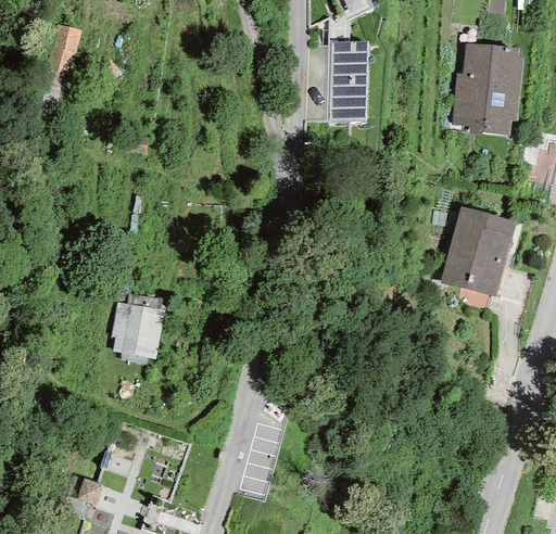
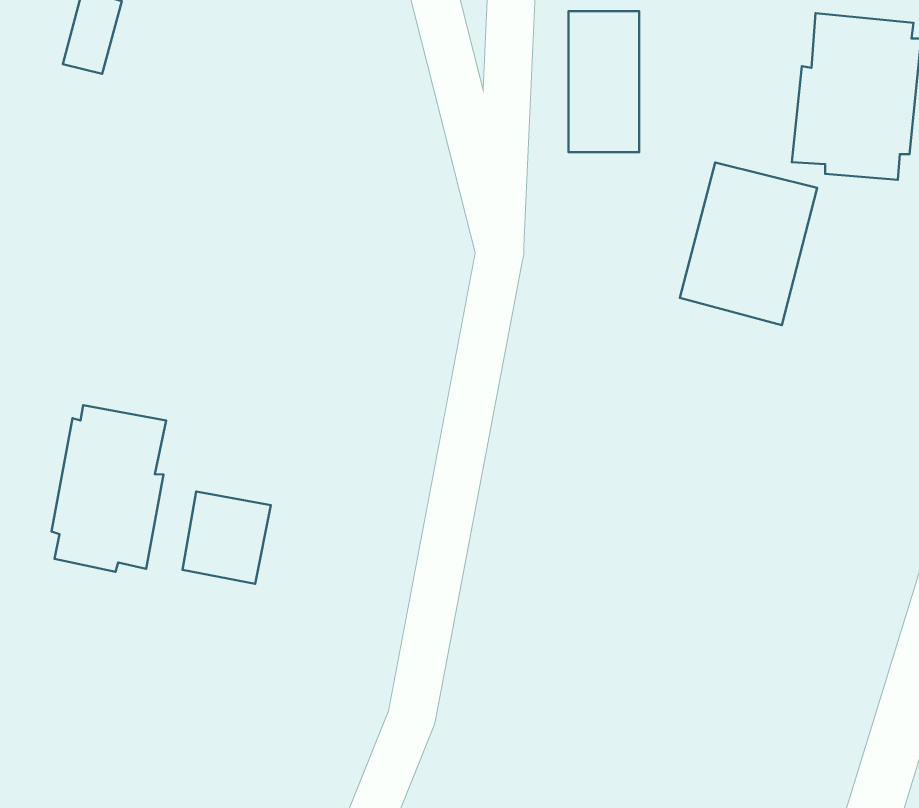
building: [441,206,517,296] -> [680,162,817,325]
building: none -> [52,405,166,572]

